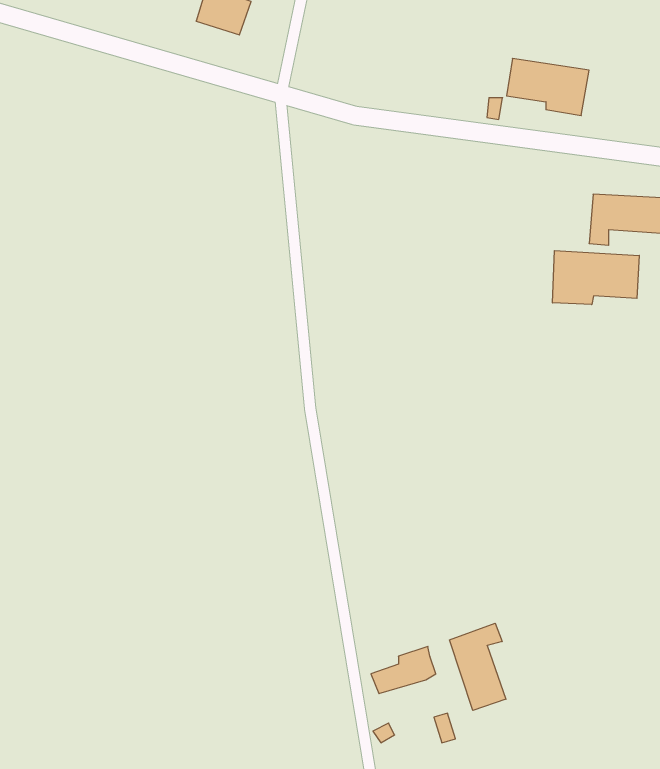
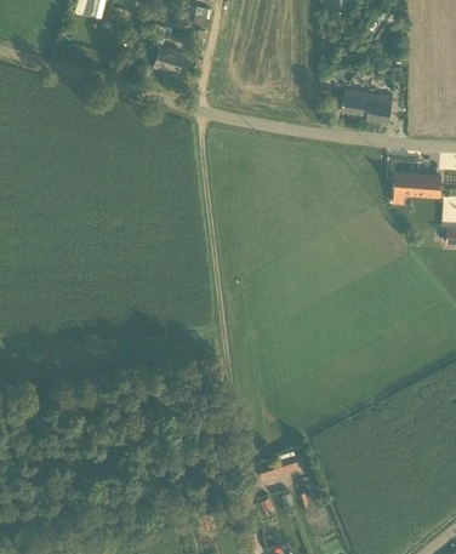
building: [553,251,639,305] -> none
building: [449,623,506,710] -> none

